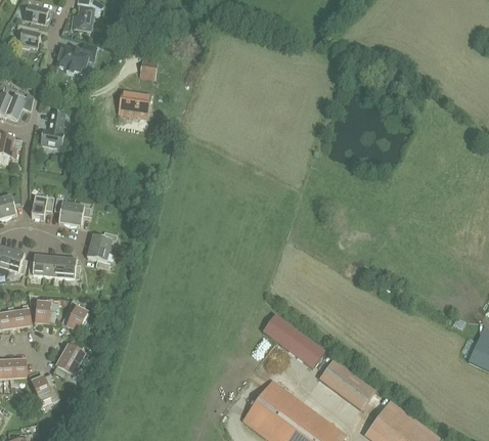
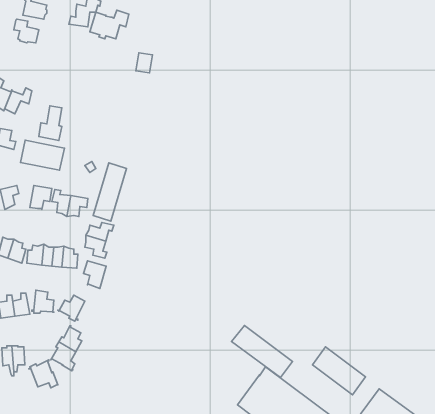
building: [56,43,96,73] -> [90,10,129,39]
building: [118,88,151,121] -> none
building: none -> [21,140,64,170]
building: none -> [93,163,127,221]
building: none -> [83,261,106,288]
building: [262,314,324,367] -> [231,326,292,377]

